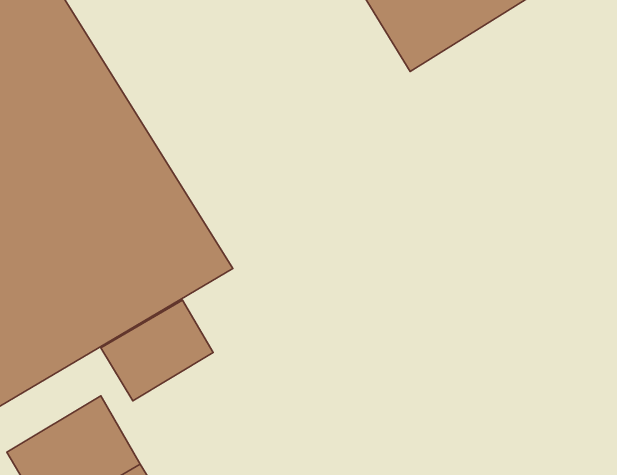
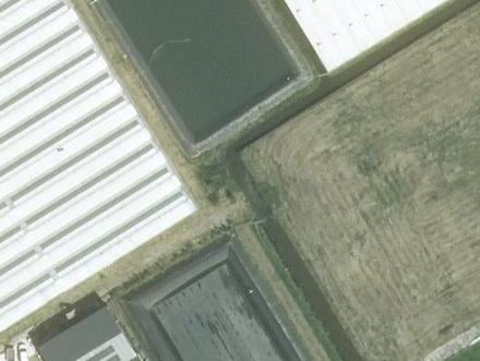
building: [101,300,213,401] -> none

